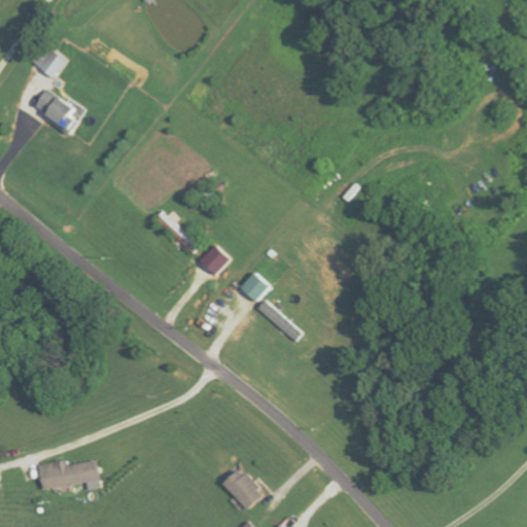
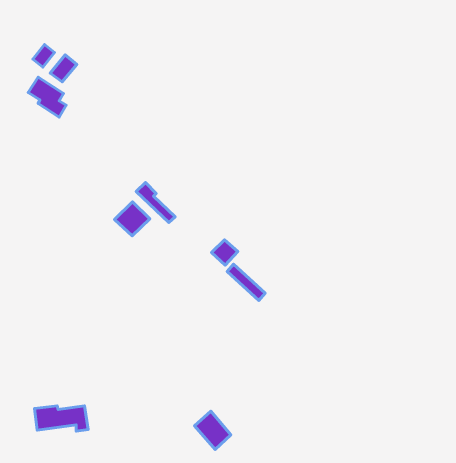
building: none -> [50,55,77,82]
building: none -> [115,202,150,236]
building: [202,244,231,273] -> none

